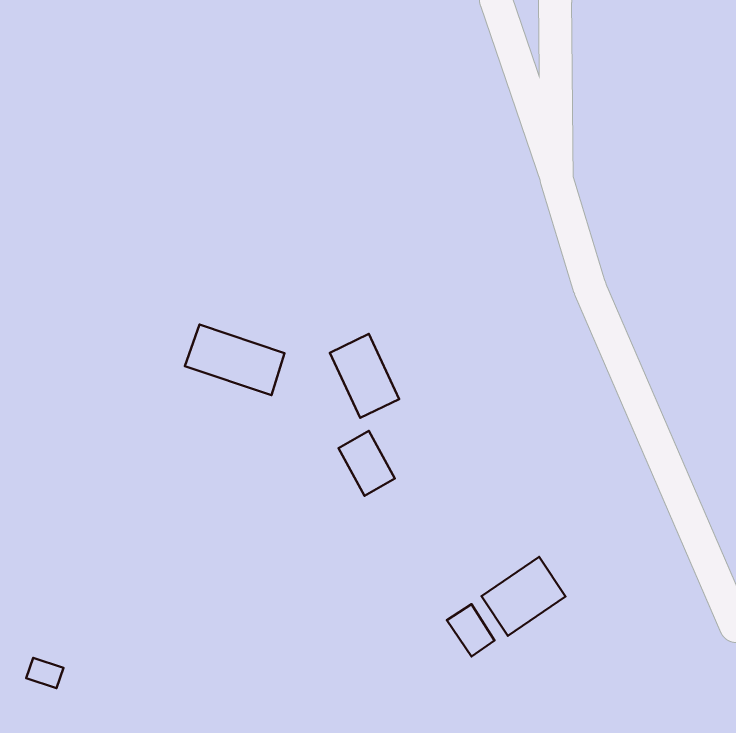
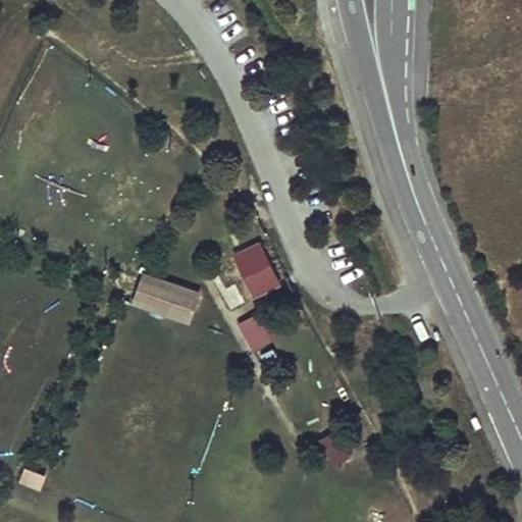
building: [185,324,285,395] -> [128,274,199,324]
building: [481,557,566,636] -> none

